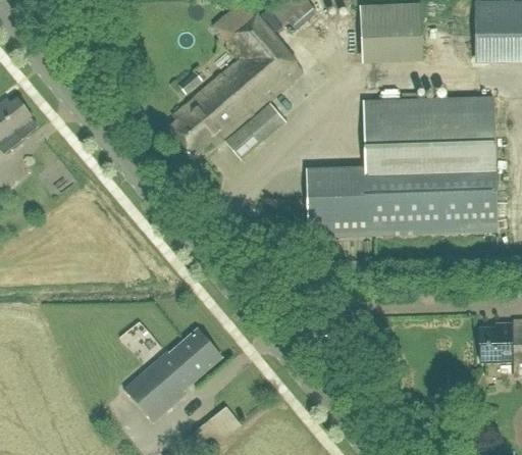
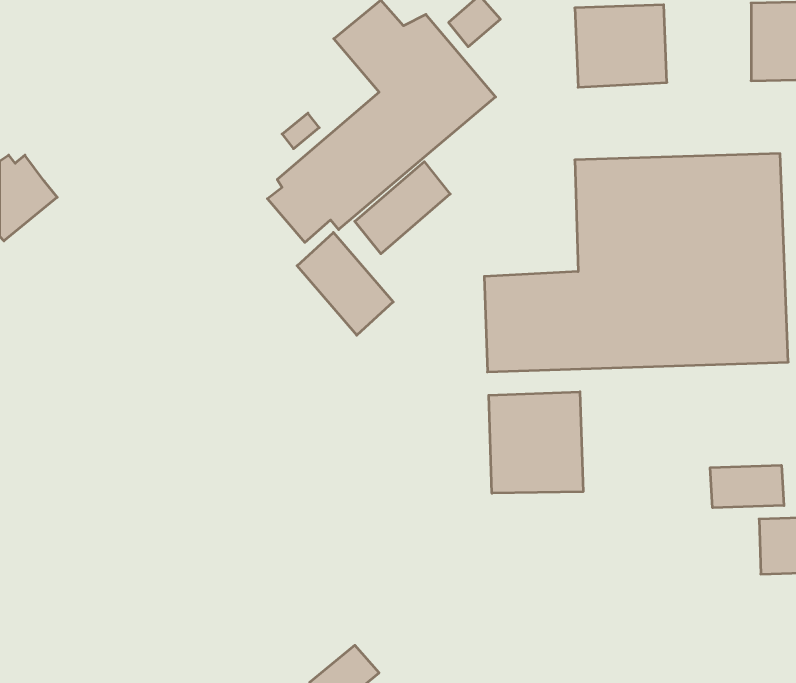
building: none -> [297,232,393,335]
building: none -> [489,392,583,493]
building: none -> [710,465,784,508]
building: [124,328,220,420] -> none

